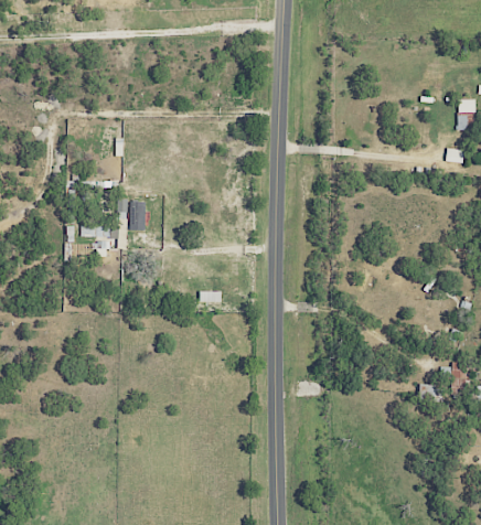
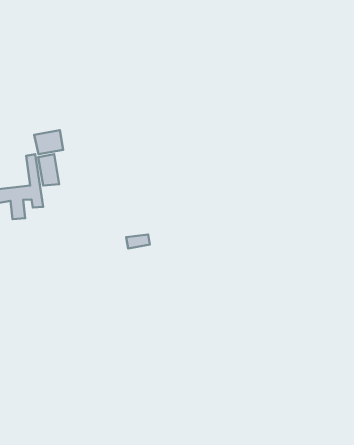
building: none -> [34,130,63,154]

